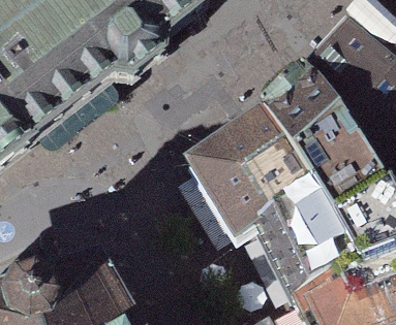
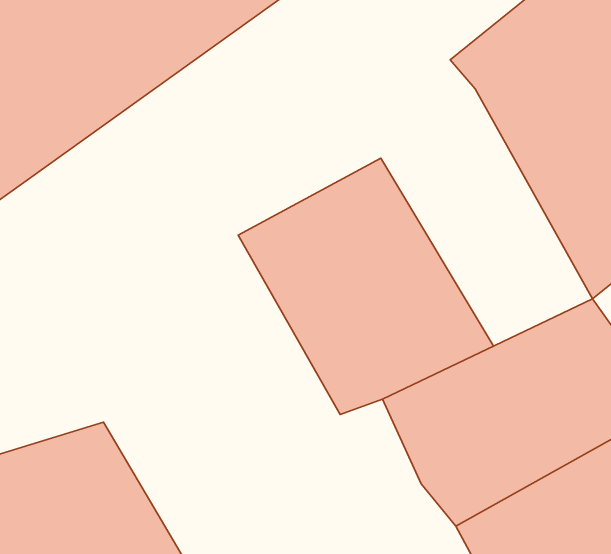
building: [244,66,358,204] -> none

